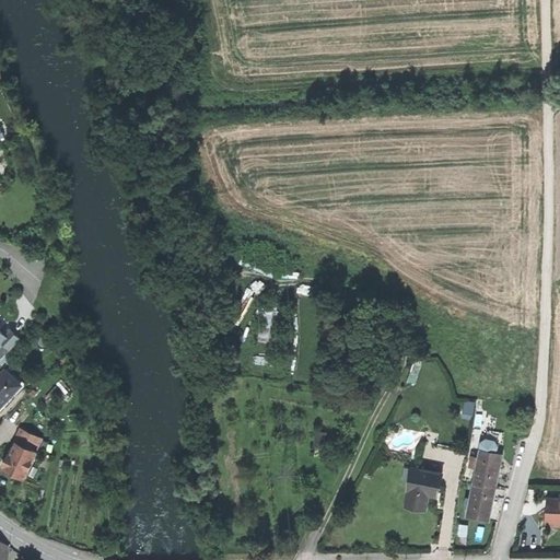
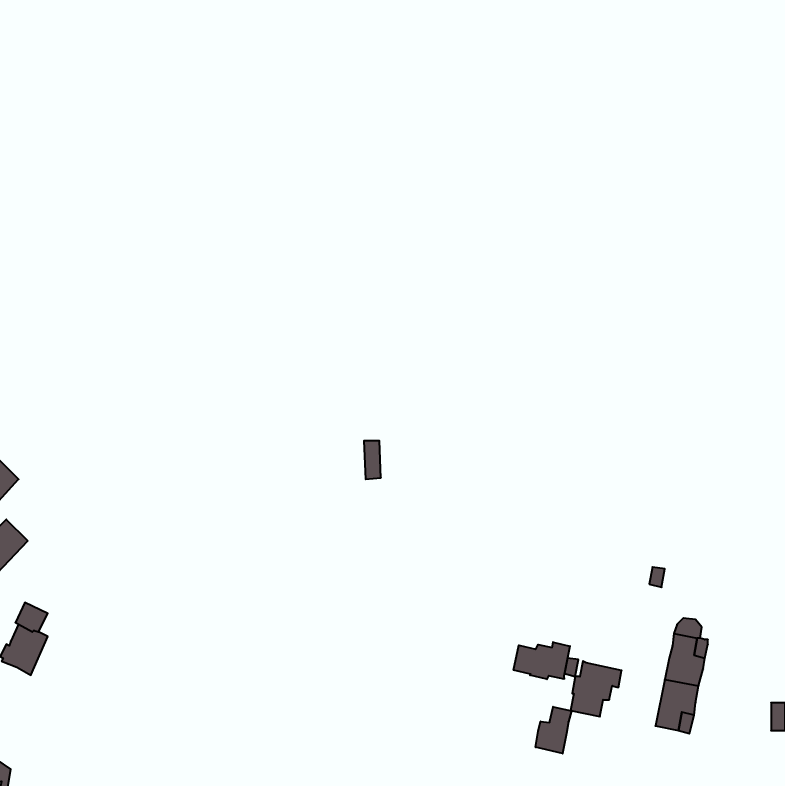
building: none -> [514,642,570,679]
building: none -> [536,707,572,754]

